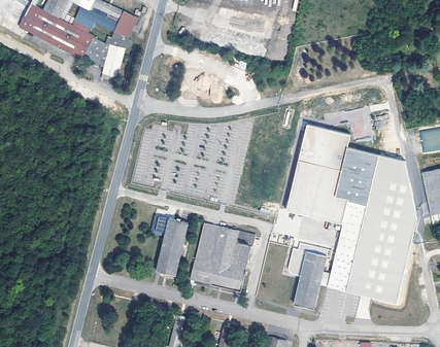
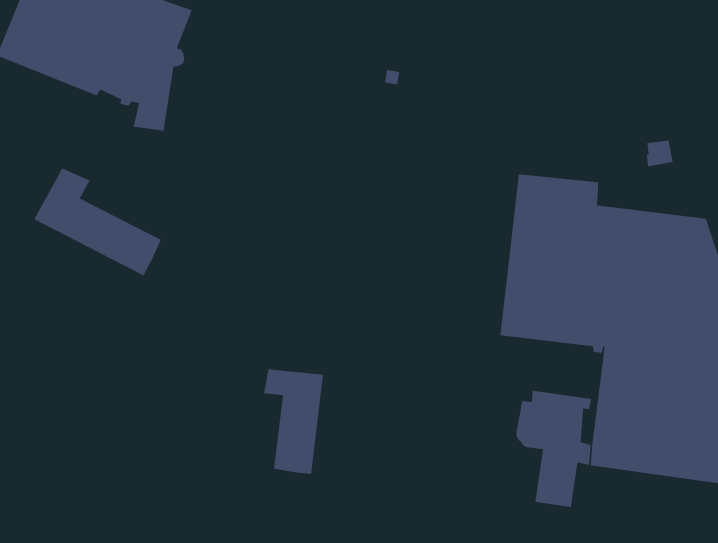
building: none -> [33,167,162,277]
building: [189,221,255,290] -> none

